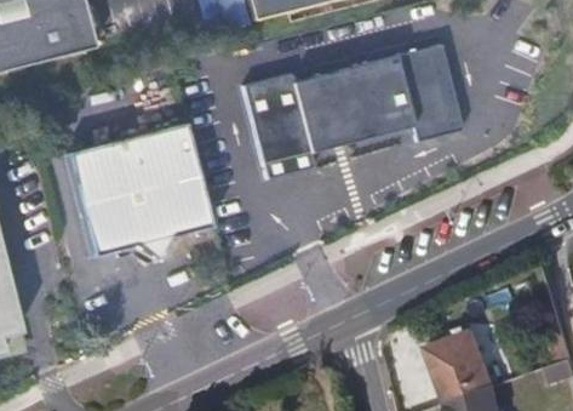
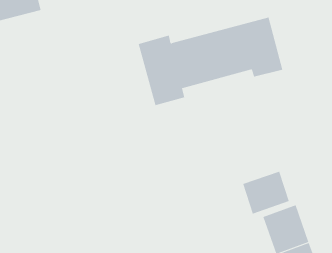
building: [68,120,210,253] -> none
building: none -> [242,171,290,214]

